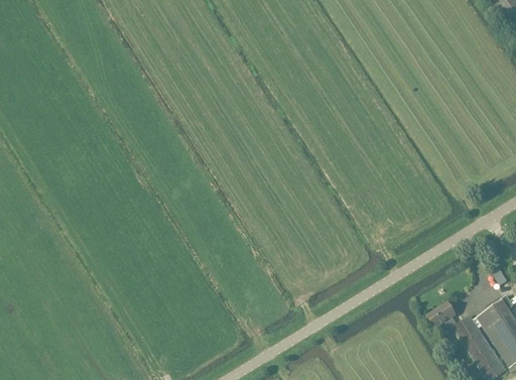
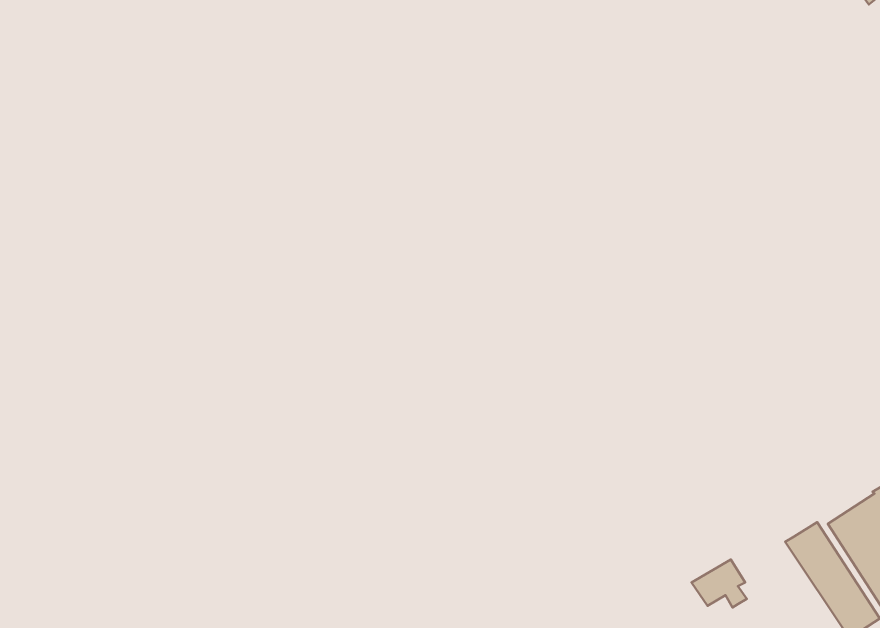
building: [425,300,457,328] -> [691,559,747,608]

